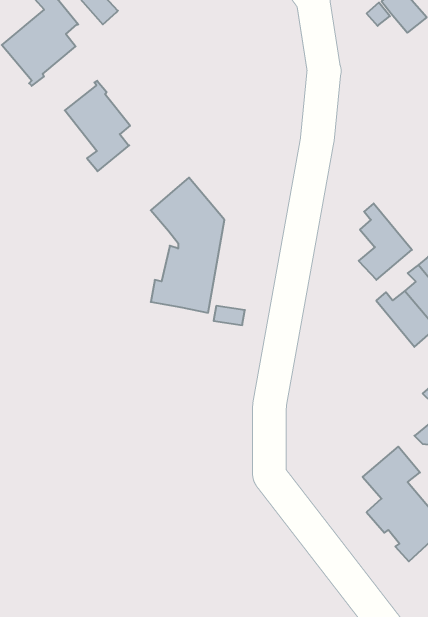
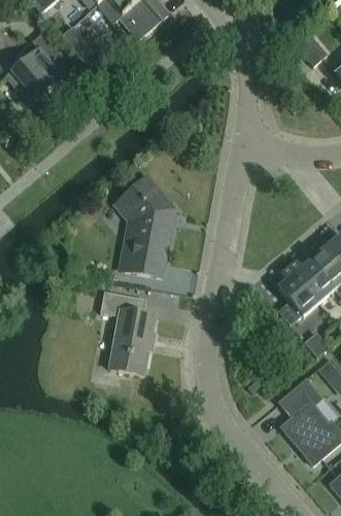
building: [65,81,130,171] -> none
building: [359,203,412,280] -> [277,268,317,325]
building: none -> [100,291,155,375]

